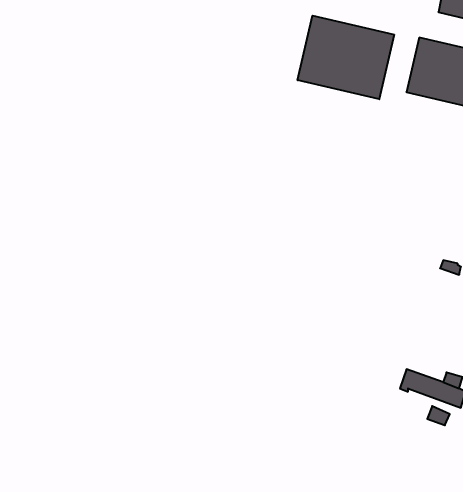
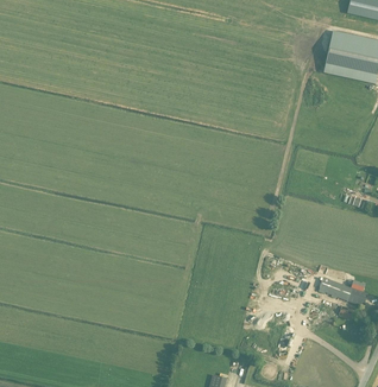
building: [298,16,394,99] -> none

